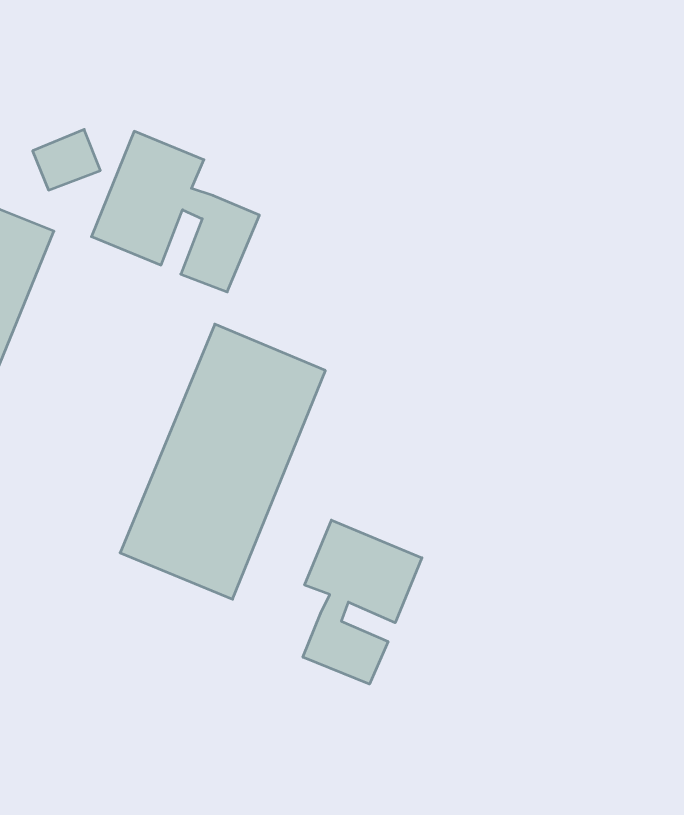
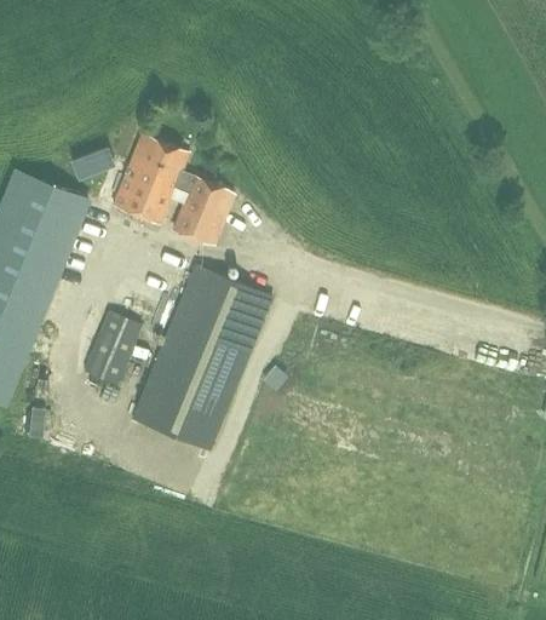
building: none -> [84,312,142,385]
building: [303,520,422,684] -> none

